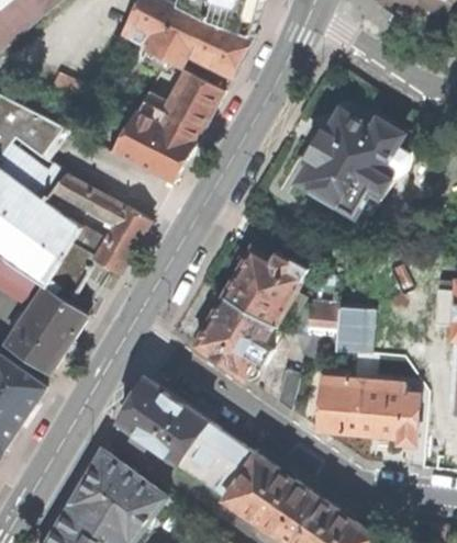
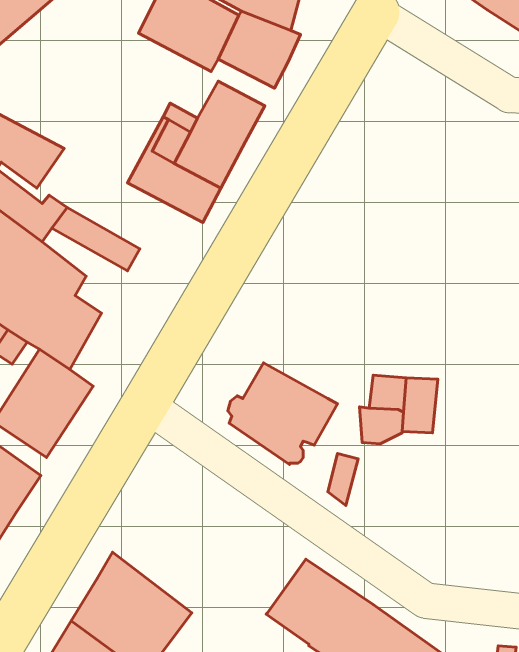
building: [297,110,410,214] -> none
building: [91,206,148,274] -> none
building: [221,248,305,326] -> none
building: [116,376,255,497] -> none
building: [315,377,415,443] -> none

